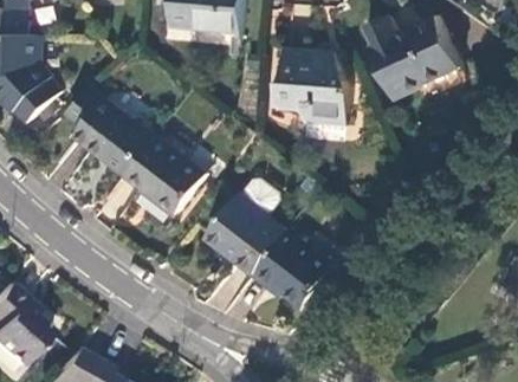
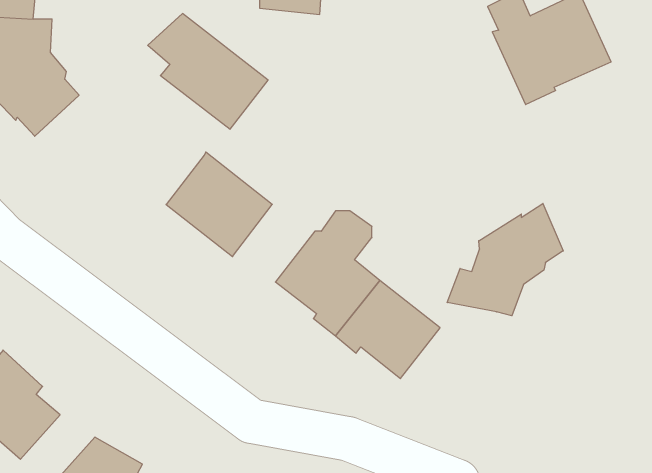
building: [274,50,349,127] -> none
building: [64,89,154,175] -> [148,14,268,129]
building: none -> [447,203,563,316]

